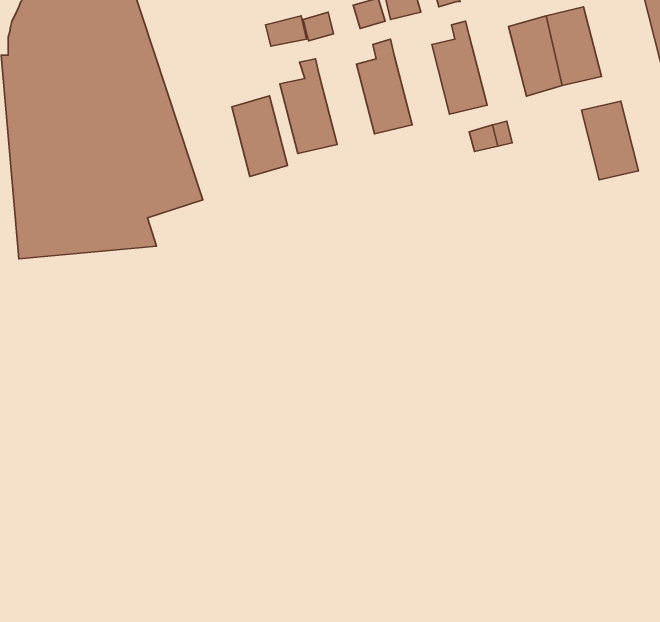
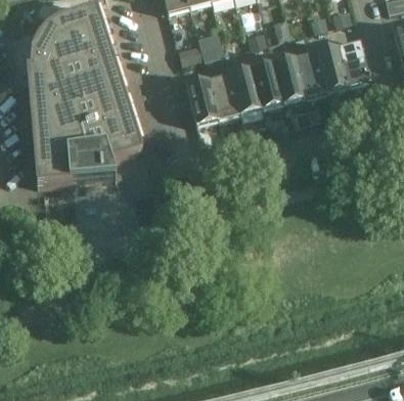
building: none -> [252,60,283,106]
building: [232,96,287,176] -> [209,72,240,118]
building: [581,101,639,180] -> [295,50,327,95]

